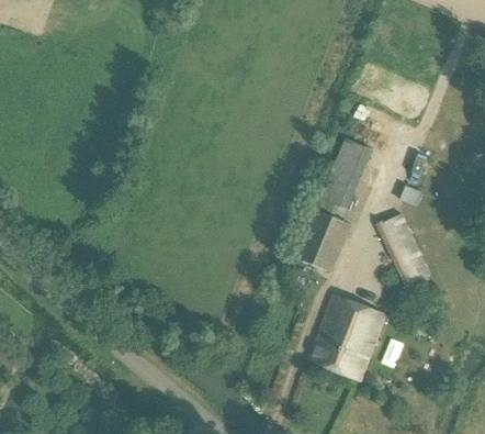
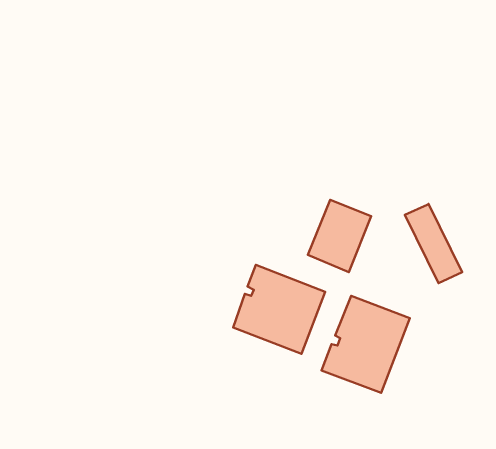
building: [319,137,373,209] -> none
building: none -> [233,265,325,354]

